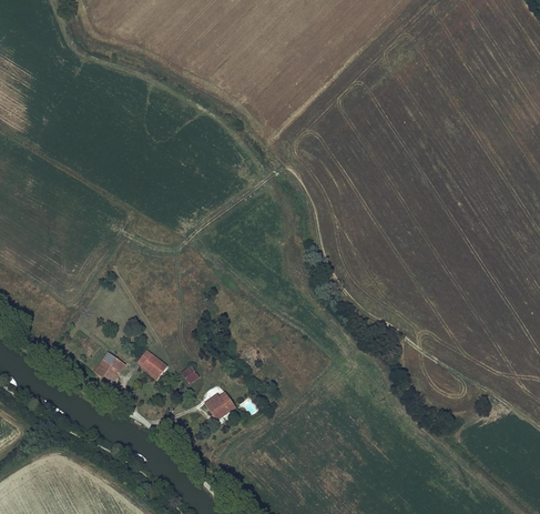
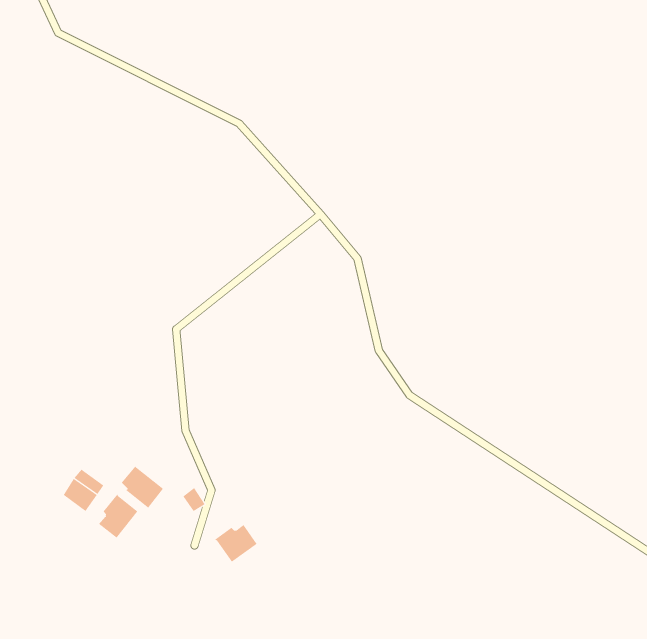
building: none -> [98,494,138,538]

